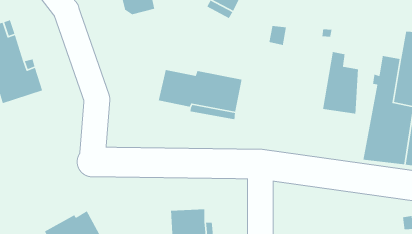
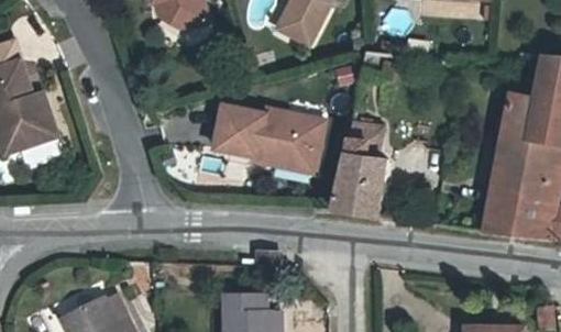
building: [322,51,359,115] -> [333,132,382,215]

